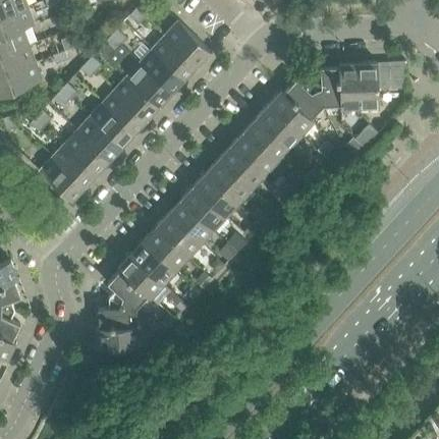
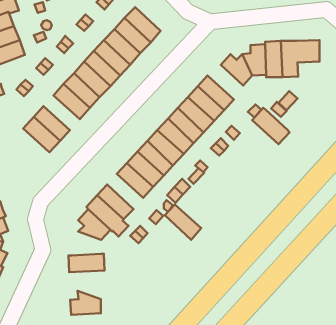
building: [267,92,313,136] -> [252,108,289,144]
building: [64,131,109,174] -> none
building: [143,228,187,272] -> [165,204,201,240]
building: [98,299,135,329] -> [70,291,101,315]

